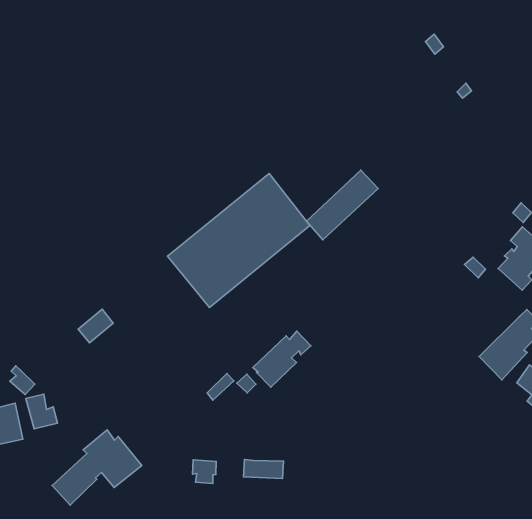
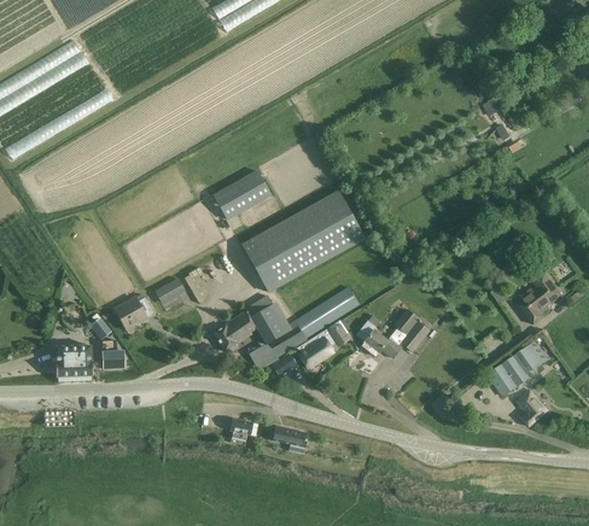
building: none -> [211,170,272,221]
building: [307,170,378,240] -> [295,286,360,339]
building: none -> [356,309,428,358]
building: none -> [113,297,153,331]
building: [52,430,142,505] -> [212,294,291,352]

